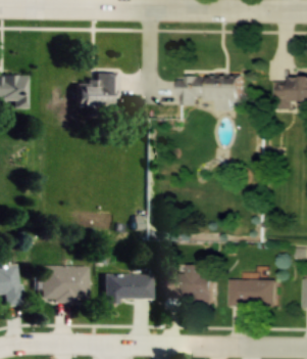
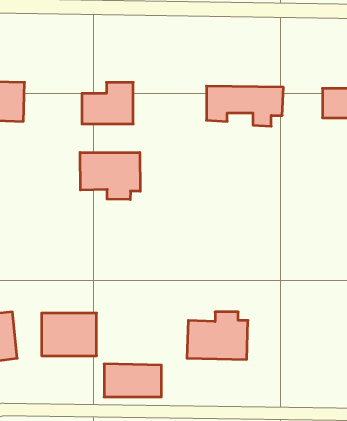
building: none -> [80,152,140,200]
building: [105,273,153,301] -> [104,364,161,397]
building: [232,279,278,307] -> none

